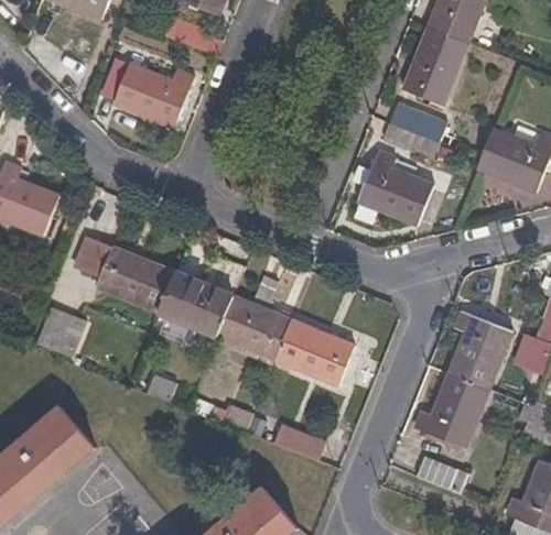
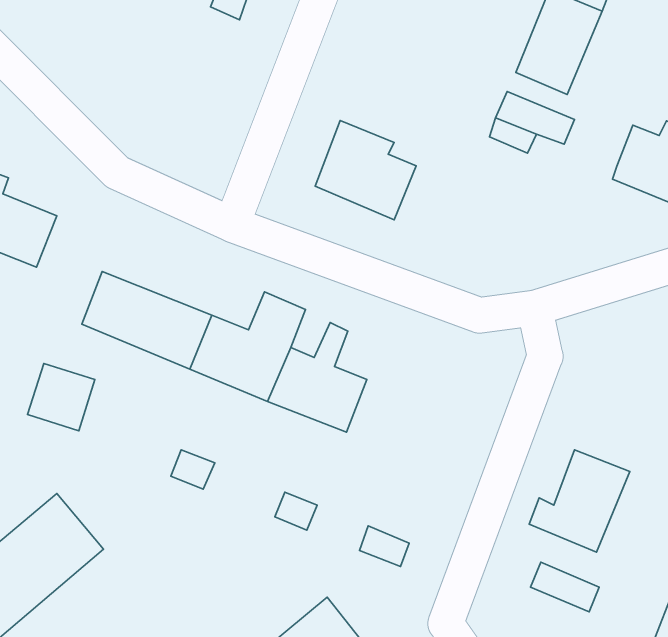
building: [96,64,192,140] -> none
building: [358,150,434,225] -> [315,121,416,220]
building: [447,309,511,389] -> none
building: [276,319,355,385] -> none

